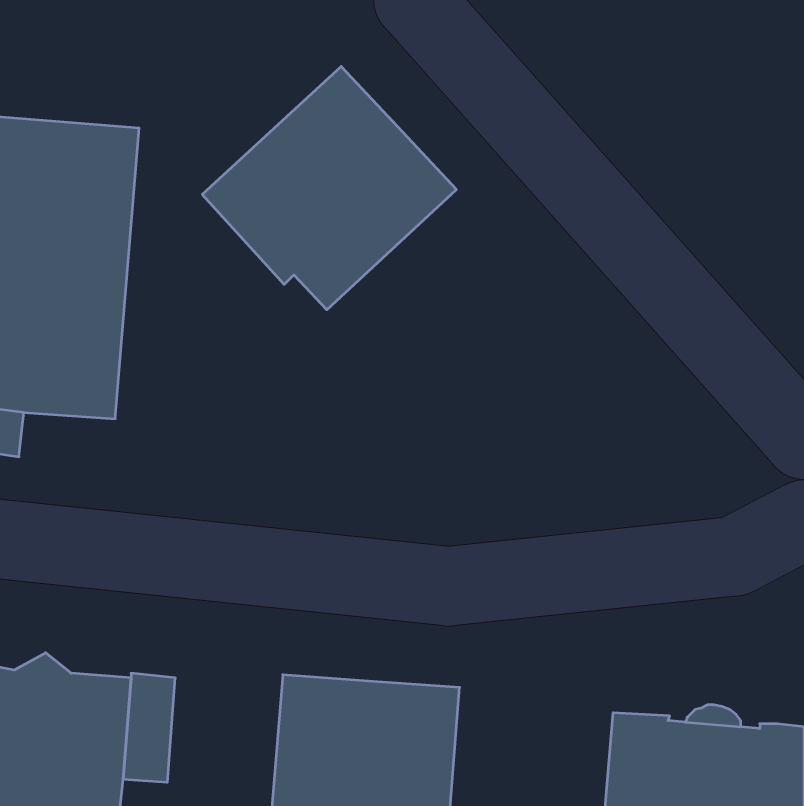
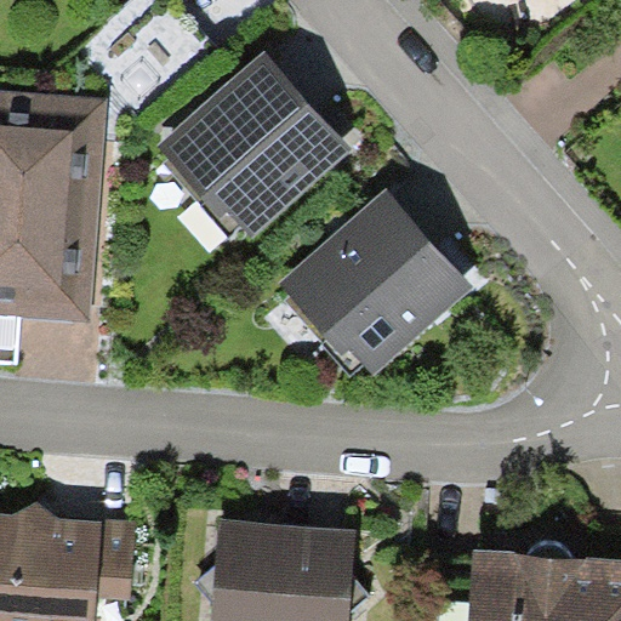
building: none -> [278,189,472,376]

